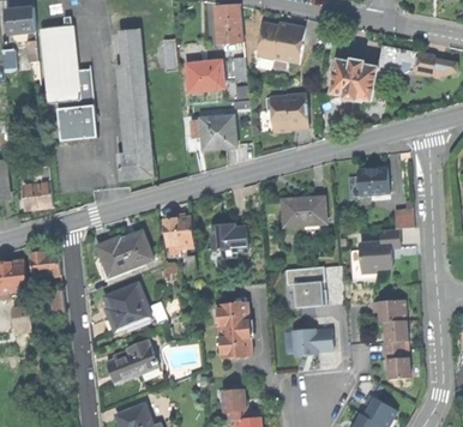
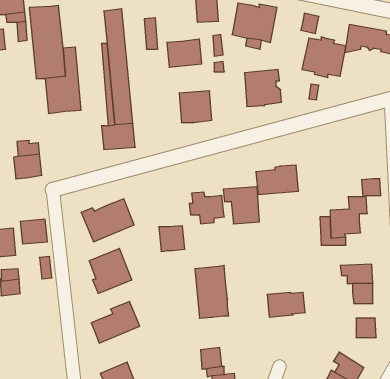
building: [357,167,389,193] -> none
building: [164,217,192,245] -> [159,226,185,252]
building: [287,269,325,308] -> [223,187,259,224]

